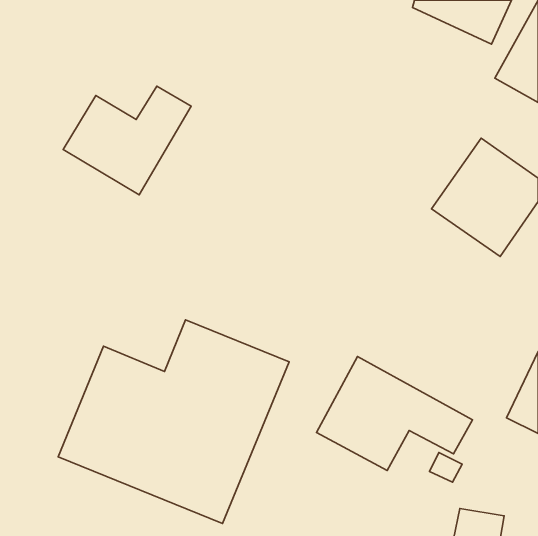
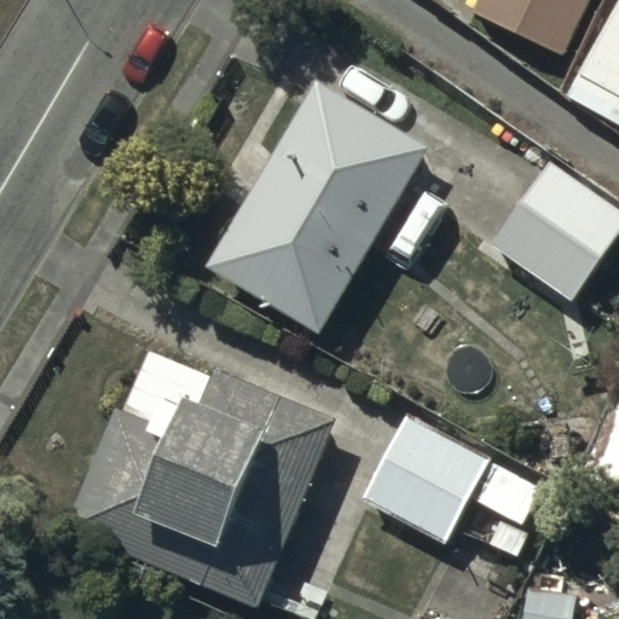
building: none -> [207,79,427,329]
building: [63,86,191,195] -> none

